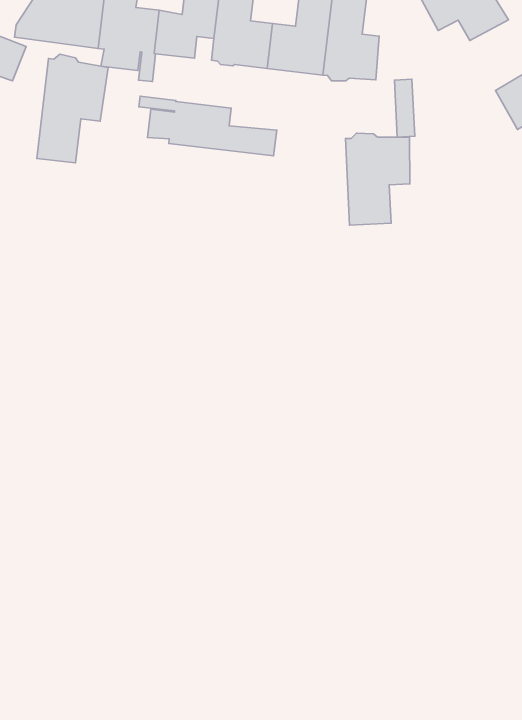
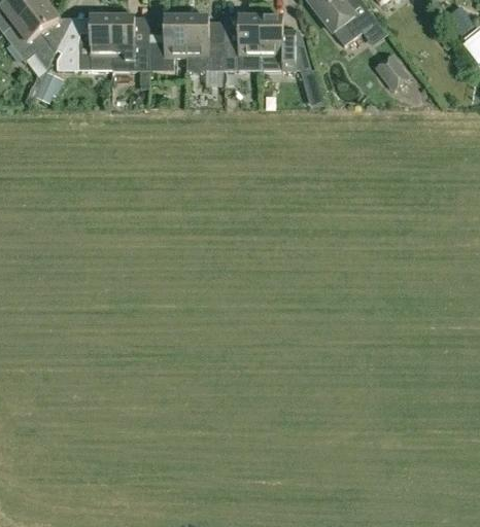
building: [37,54,108,163] -> none
building: [139,96,277,156] -> none
building: [345,133,410,225] -> none

